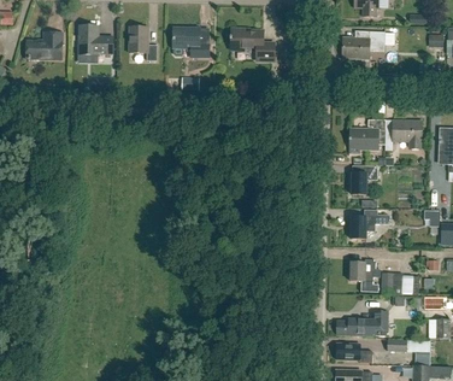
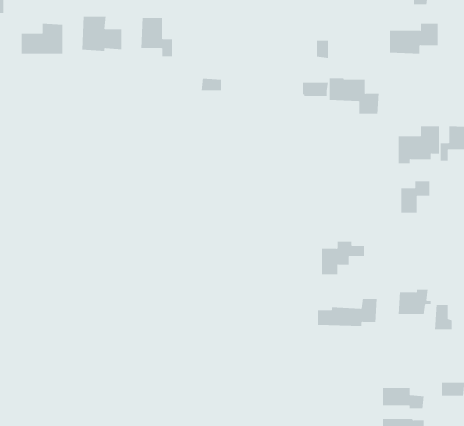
building: [173,25,210,55] -> none
building: [231,29,275,60] -> [329,78,379,114]
building: [351,210,388,239] -> [321,241,365,275]
building: [336,311,388,335] -> [317,299,378,327]

